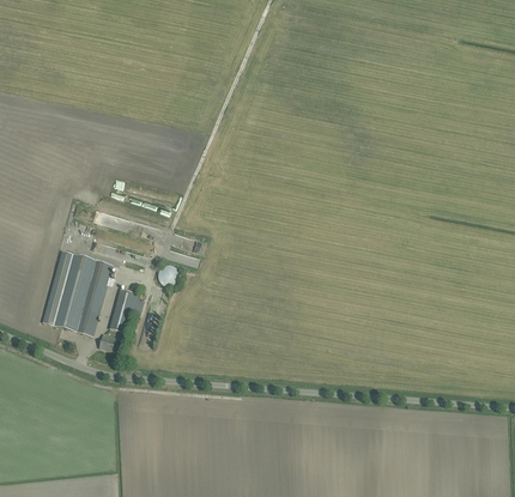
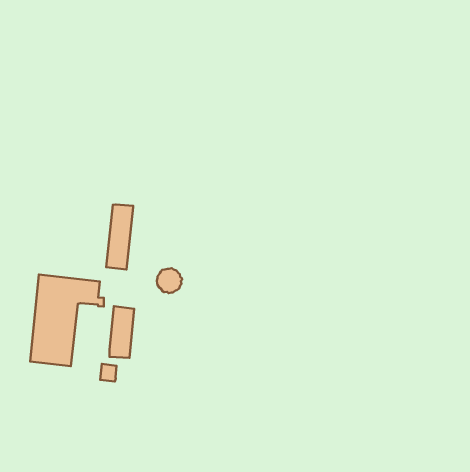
building: [75,280,107,337] -> [106,204,133,270]

